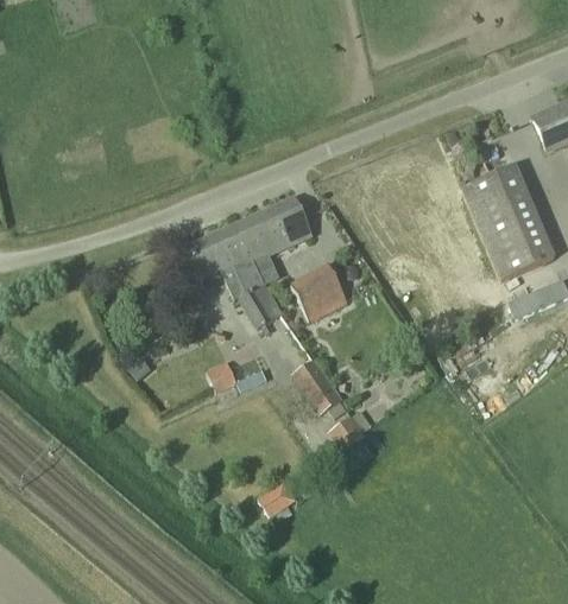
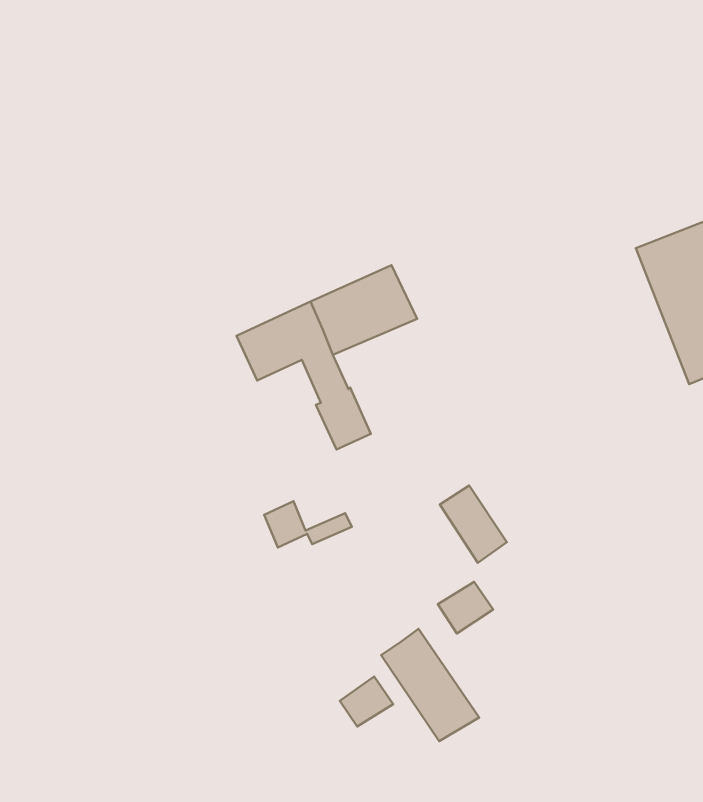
building: [289,263,346,318] -> none
building: [294,361,340,414] -> [440,486,507,563]
building: none -> [381,629,479,741]

